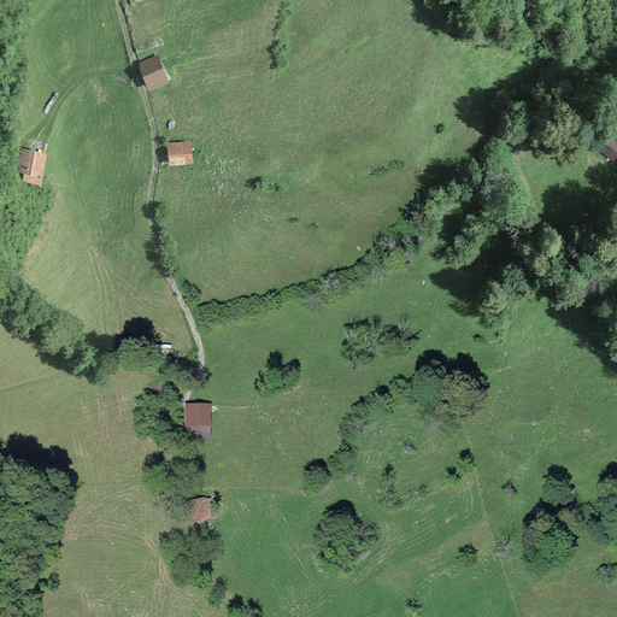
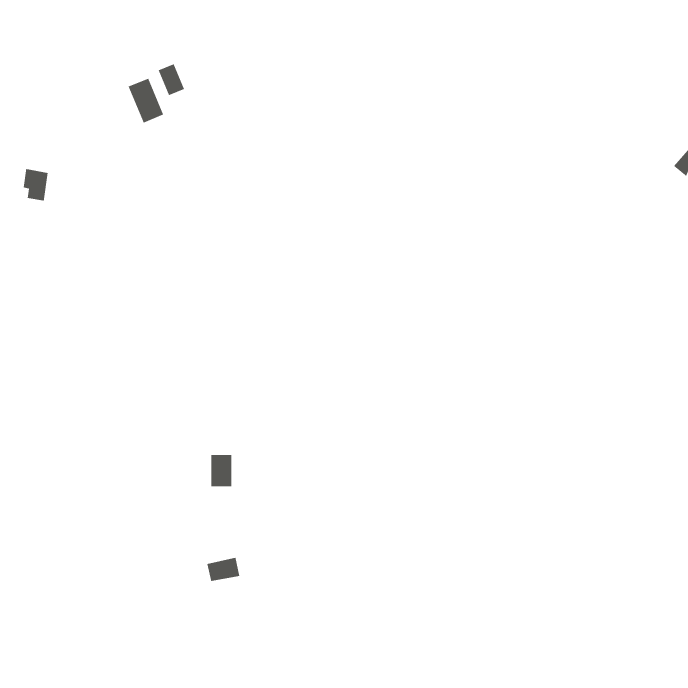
building: none -> [128,78,164,123]
building: [163,141,196,163] -> none

